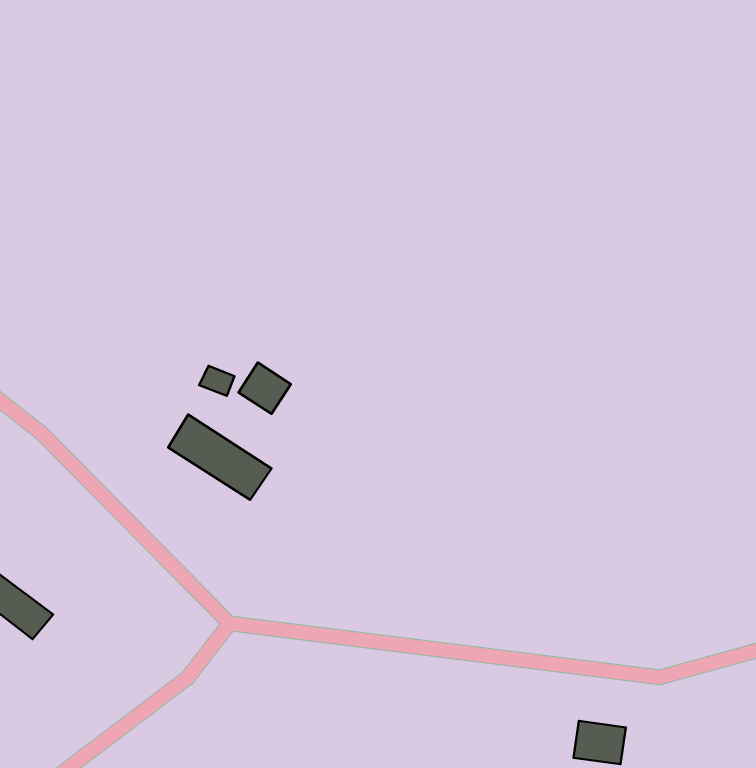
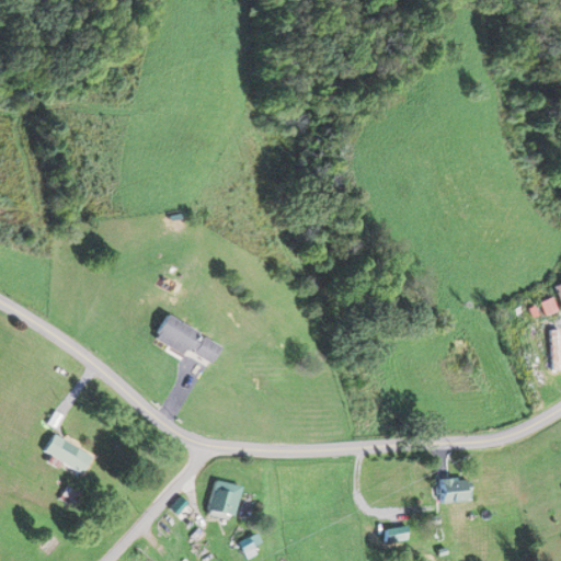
building: [239,363,291,414] -> none
building: none -> [208,480,241,517]

